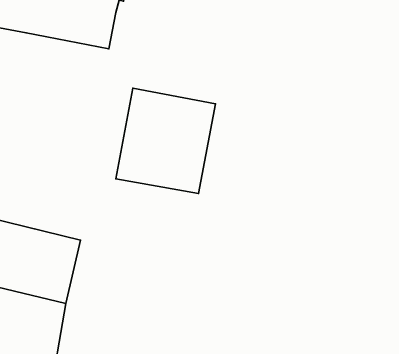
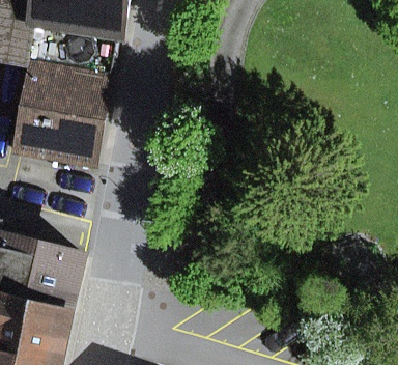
building: [116,88,216,193] -> [15,64,106,161]

